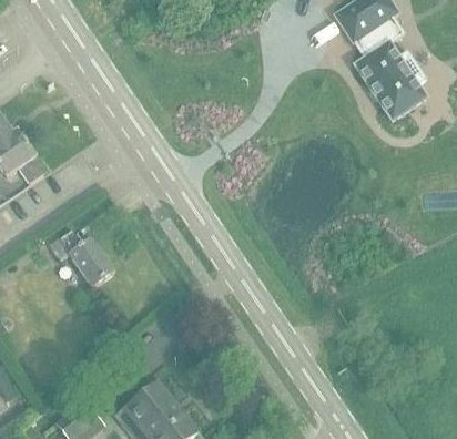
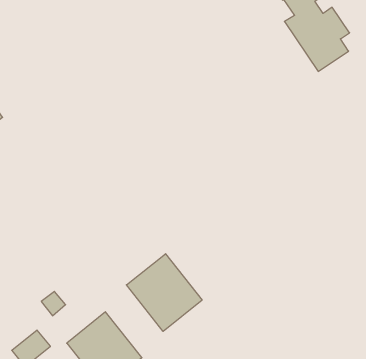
building: [49,227,115,286] -> none
building: none -> [126,254,202,331]

